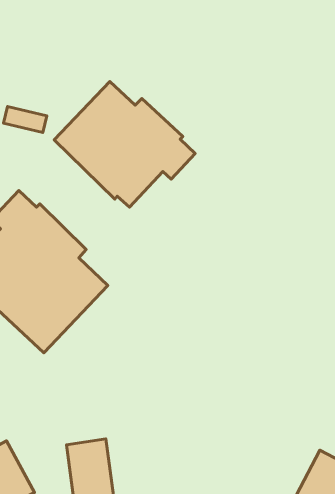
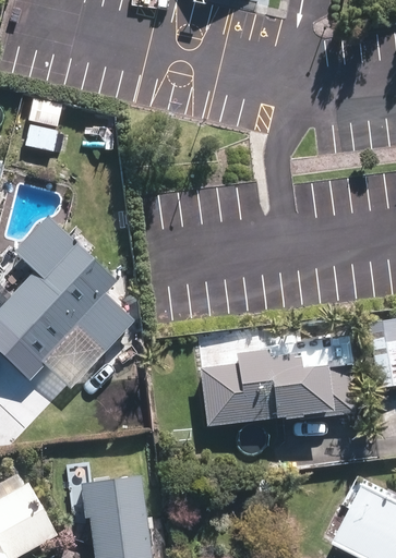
building: [54,81,195,207] -> none
building: none -> [203,354,350,423]

